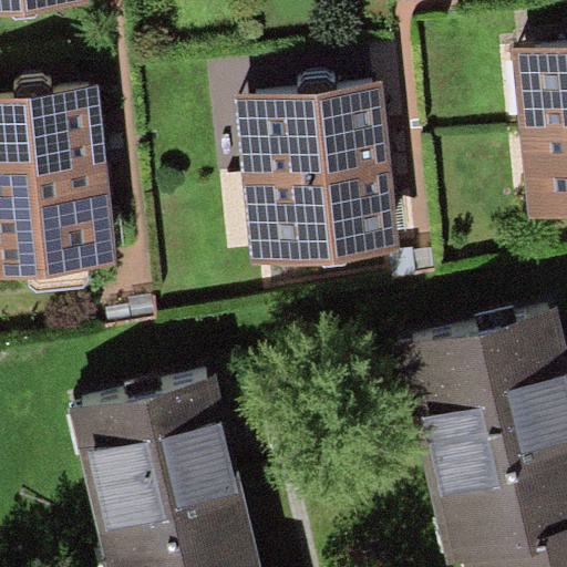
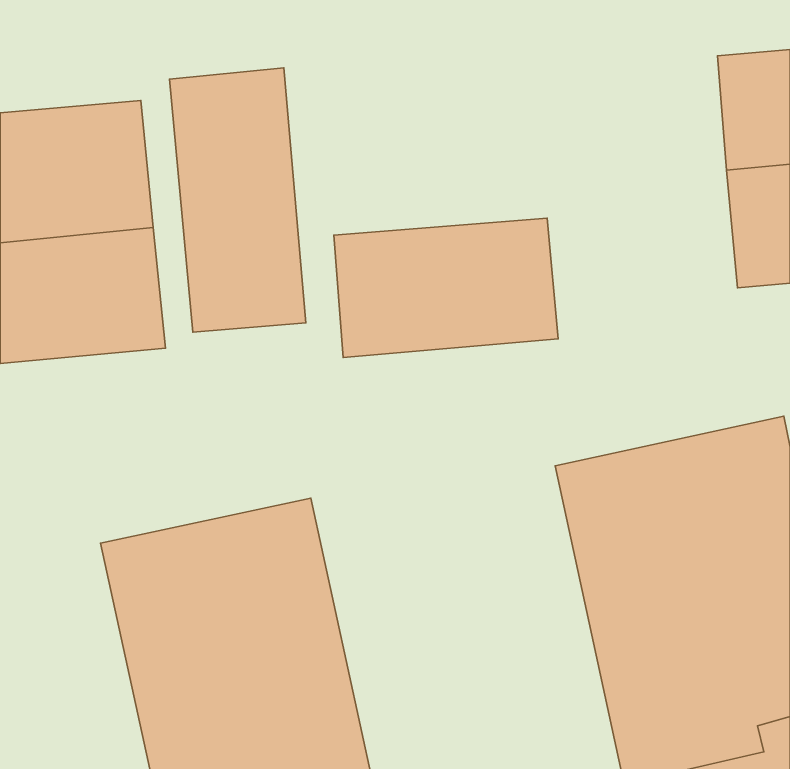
building: none -> [170,68,306,332]
building: [231,82,392,184] -> none

